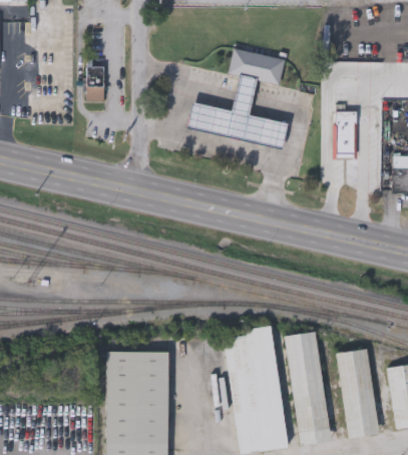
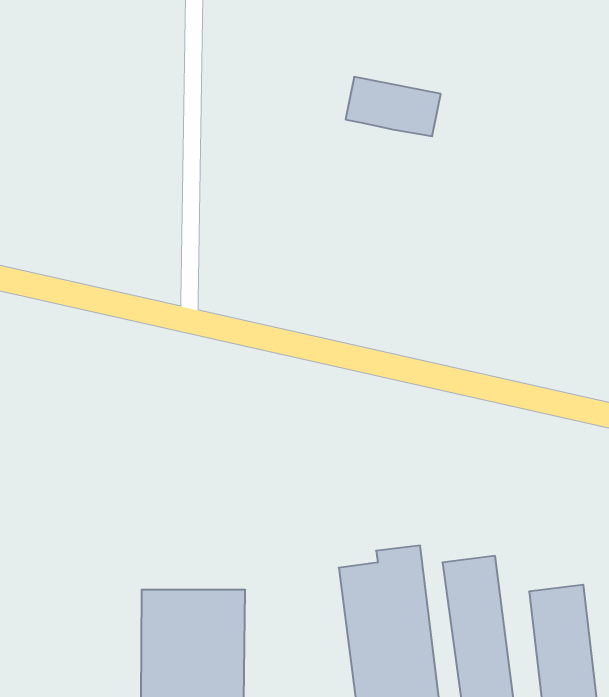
building: [85,58,102,100] -> none
building: [186,75,287,147] -> none
building: [335,113,357,160] -> none

